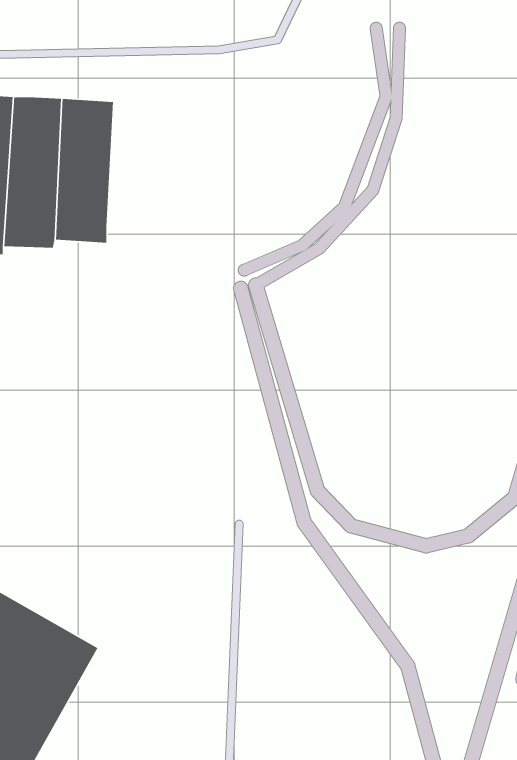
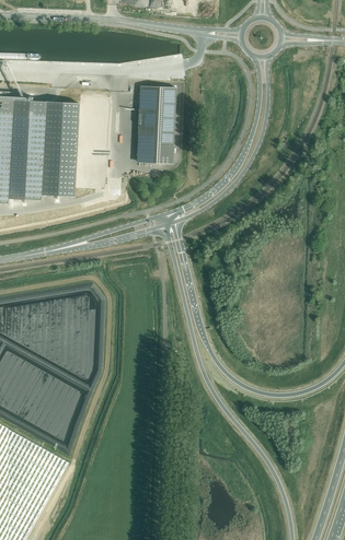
building: none -> [135,85,174,163]
building: none -> [73,103,105,186]

